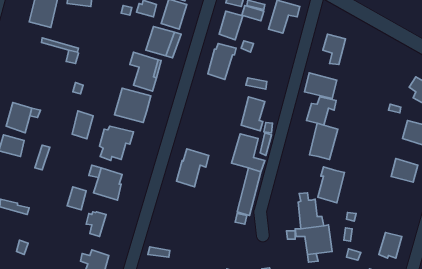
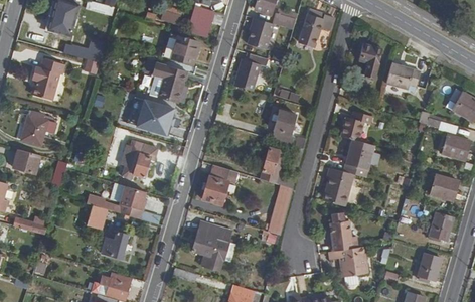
building: none -> [32,58,65,100]
building: [304,73,337,98] -> [386,62,421,90]
building: [72,111,93,139] -> none
building: [318,167,344,203] -> [324,166,352,204]
building: none -> [429,212,453,240]
building: none -> [192,220,238,271]

